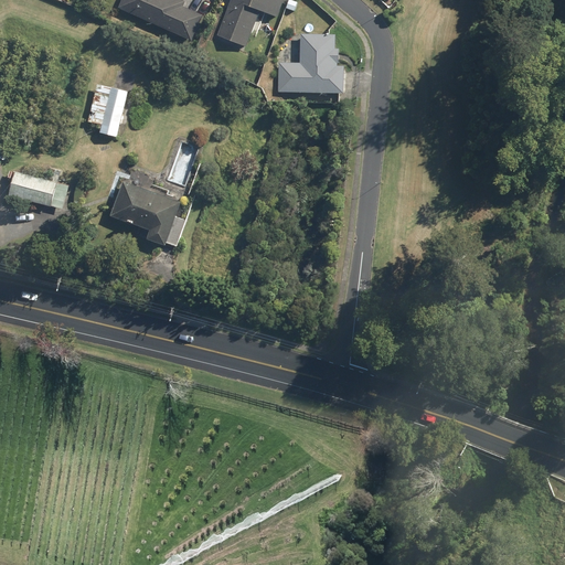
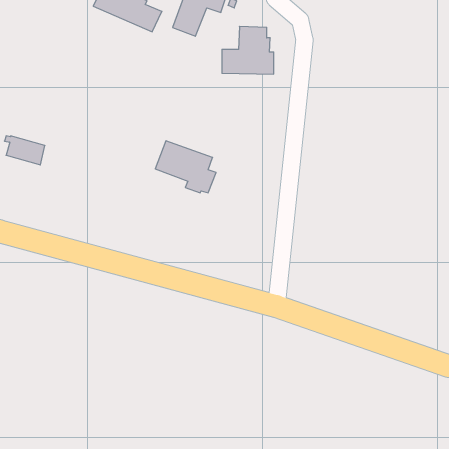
building: [87,83,127,136] -> none
building: [109,180,185,245] -> [155,141,216,193]

